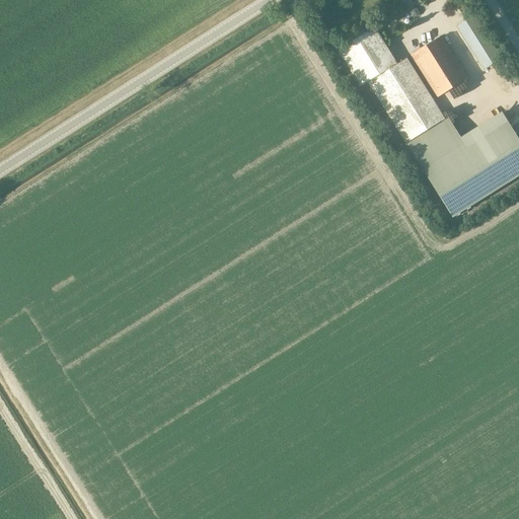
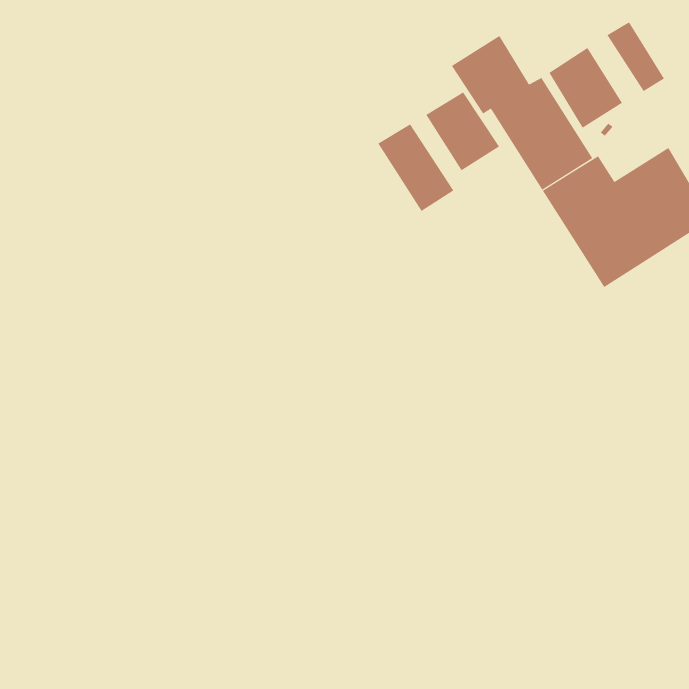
building: none -> [425,91,500,171]
building: none -> [378,123,454,212]

